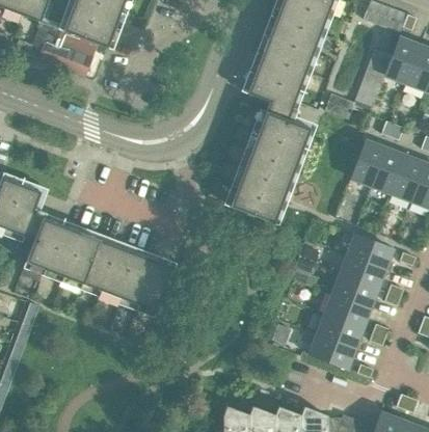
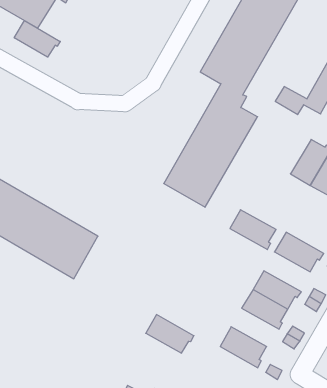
building: none -> [14,21,60,57]
building: [340,255,384,290] -> [230,210,276,250]
building: [317,315,364,348] -> [146,315,194,353]

